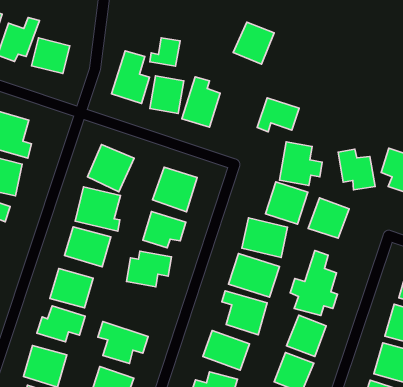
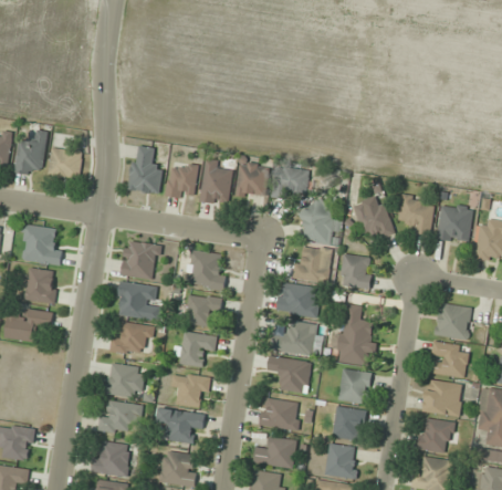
building: [233,22,274,64] -> [234,161,270,199]
building: [150,38,180,66] -> none
building: none -> [170,373,209,408]

